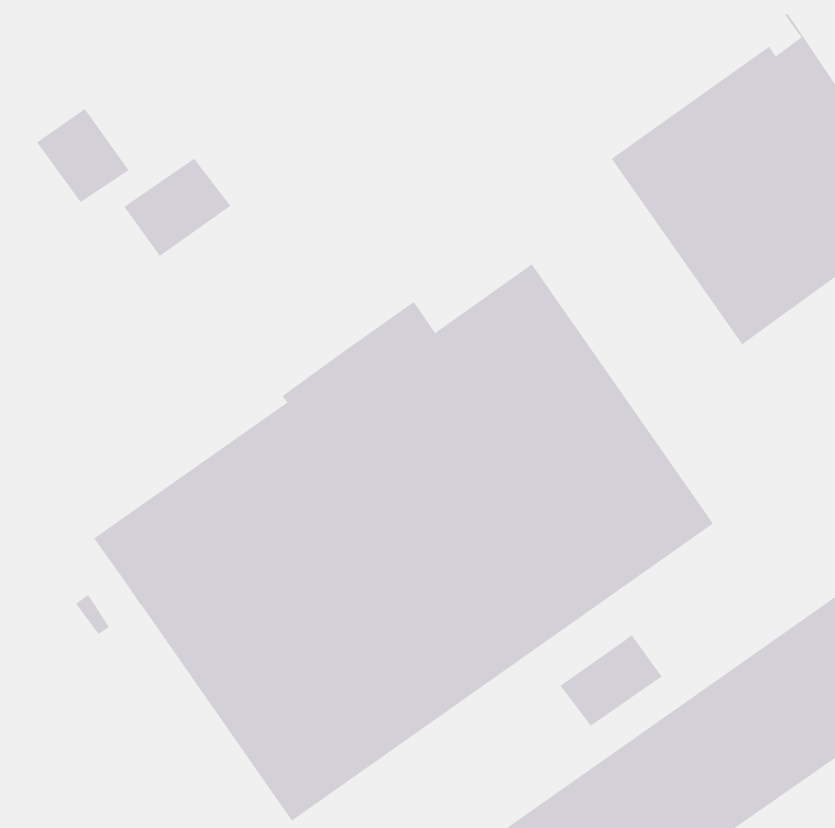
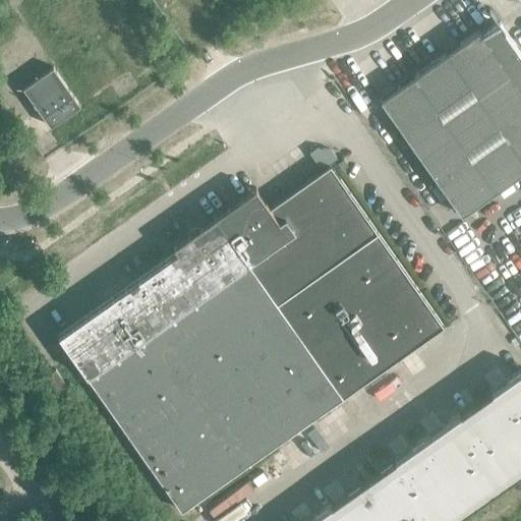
building: [124,158,231,257] -> none
building: [559,635,662,726] -> none

